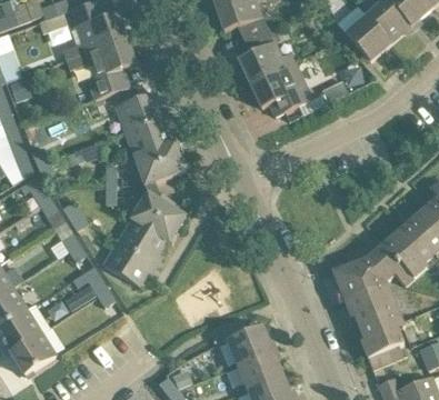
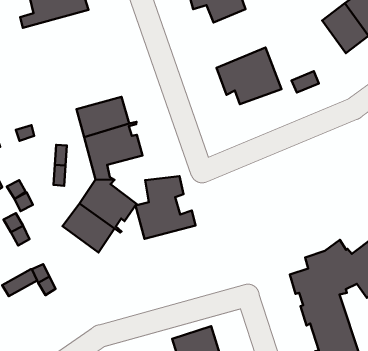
building: [238,27,295,83] -> none
building: [67,38,136,97] -> none
building: [112,91,163,131] -> none
building: none -> [136,176,195,239]
building: [103,241,152,286] -> none

